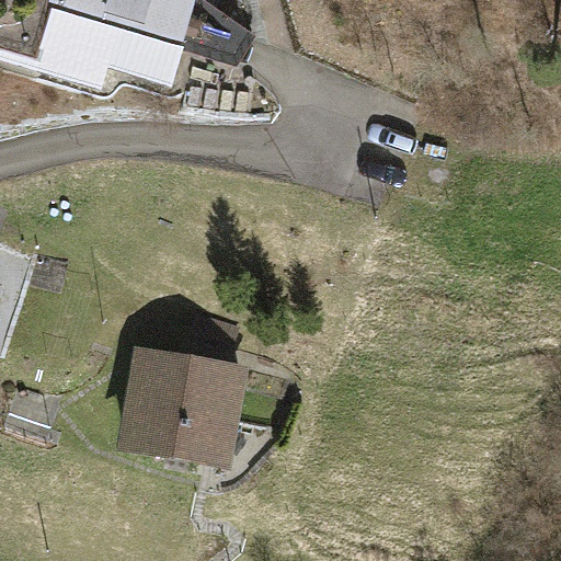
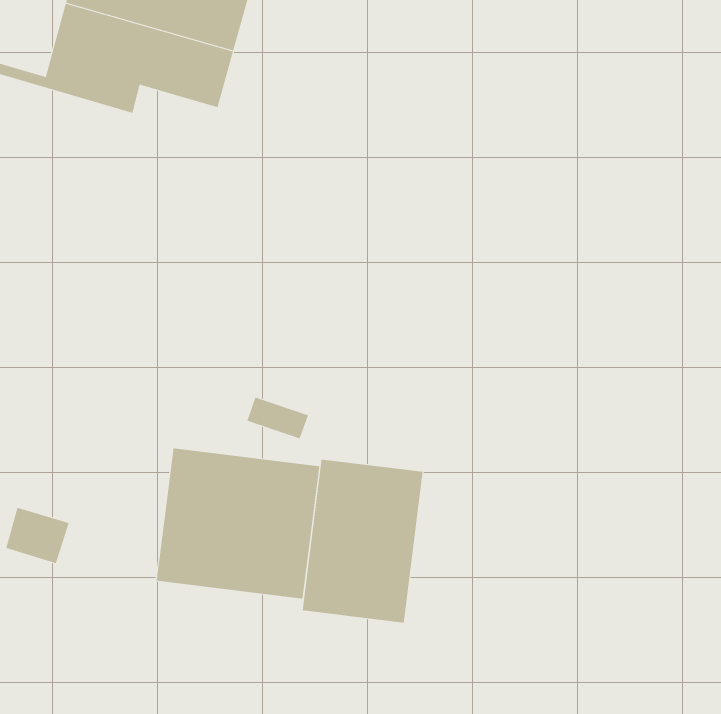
building: none -> [302,459,423,623]

